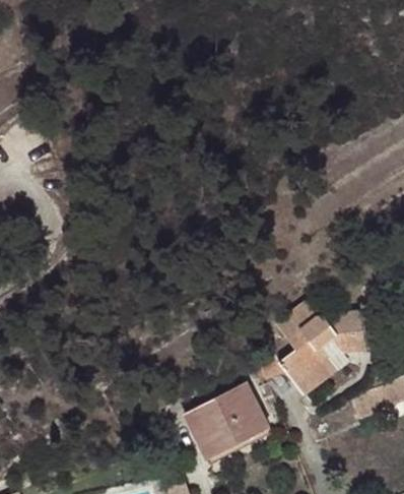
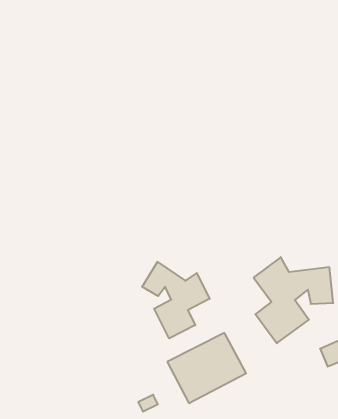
building: none -> [142,262,210,338]

